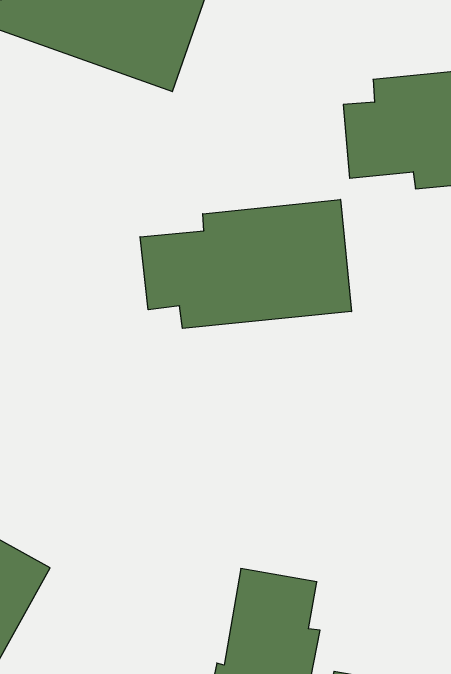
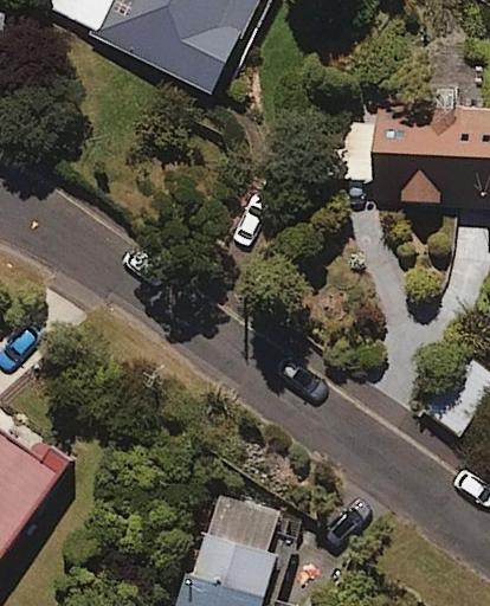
building: [140,199,351,328] -> none

